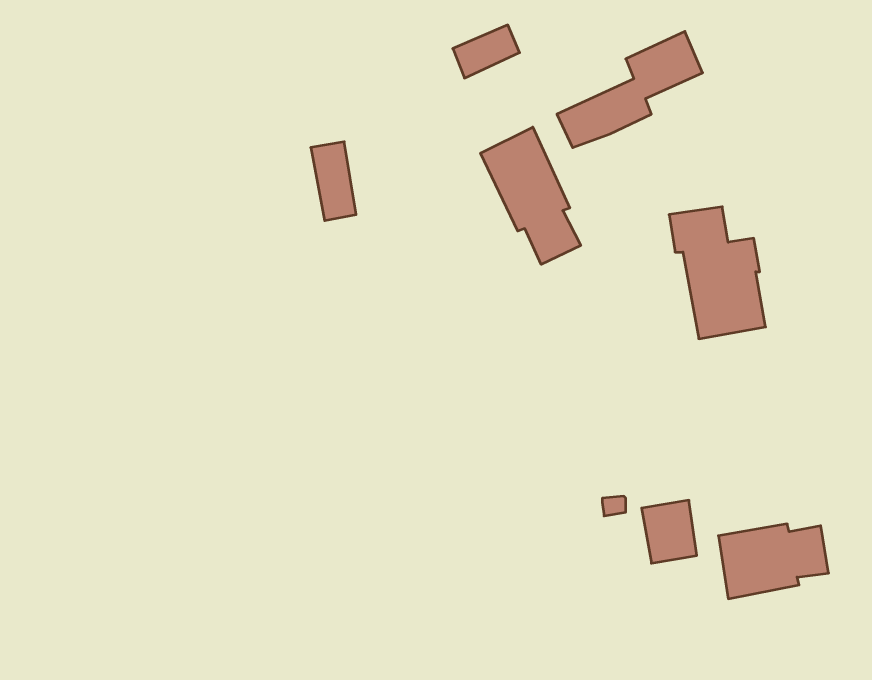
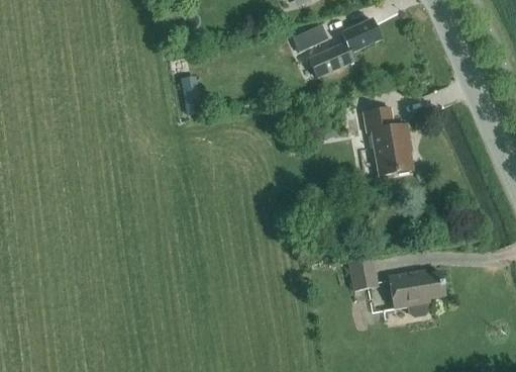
building: [453,25,520,78] -> [291,25,325,53]
building: [481,127,581,264] -> none

